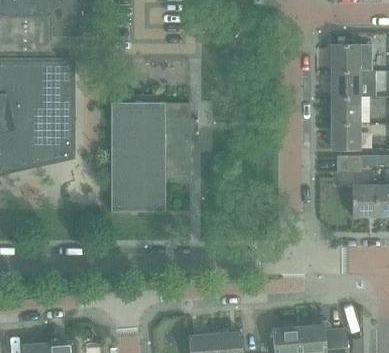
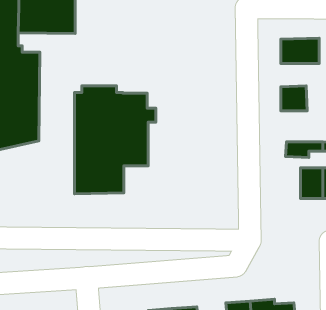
building: [331,72,375,97] -> none
building: [331,123,359,149] -> none

